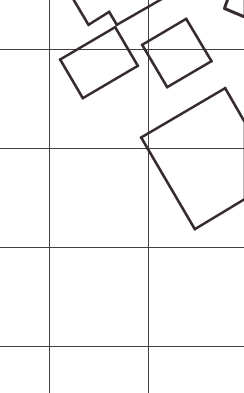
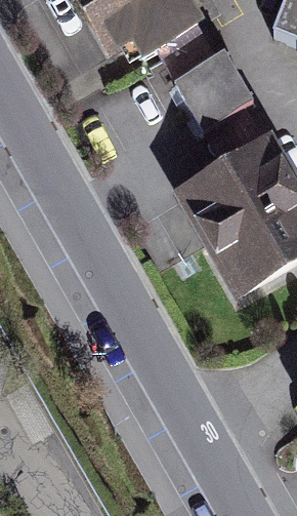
building: [60,27,138,98] -> none

